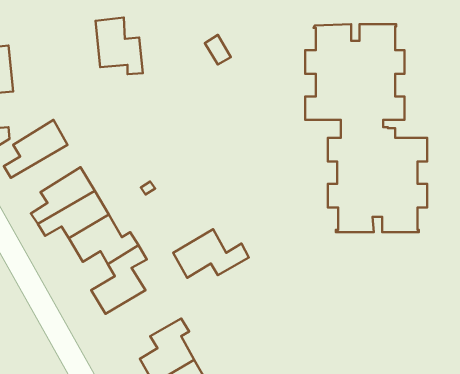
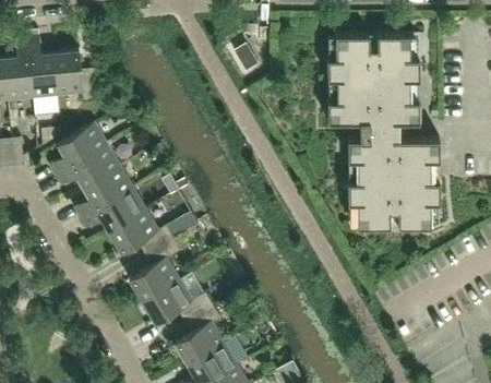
building: [95,17,143,74] -> [53,50,97,103]
building: none -> [56,145,120,189]
building: [173,229,249,278] -> [143,279,213,324]

